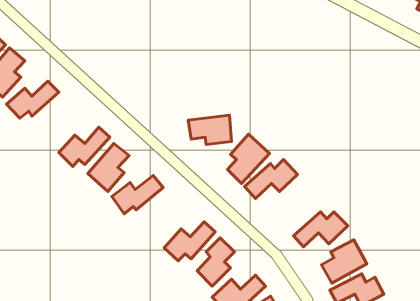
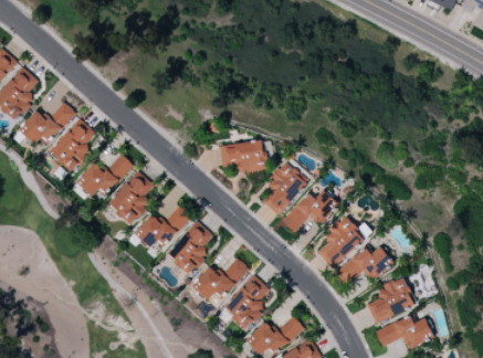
building: none -> [51,118,95,171]
building: none -> [316,214,366,268]
building: none -> [172,221,212,275]

